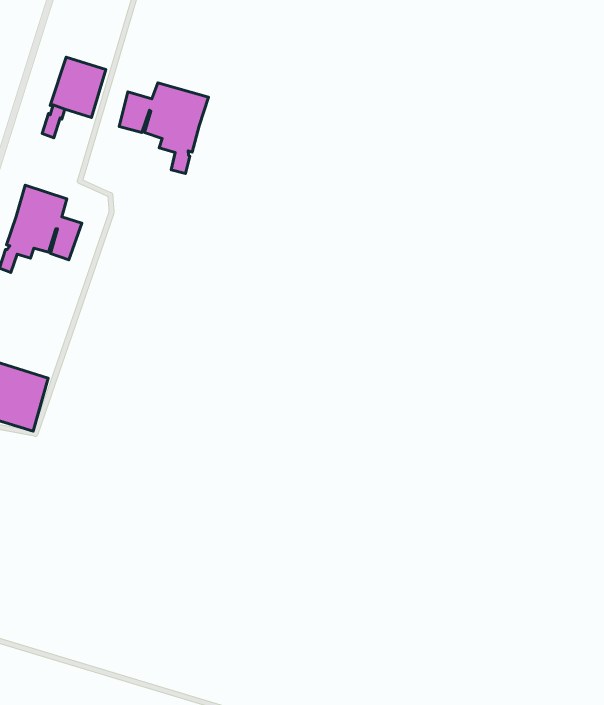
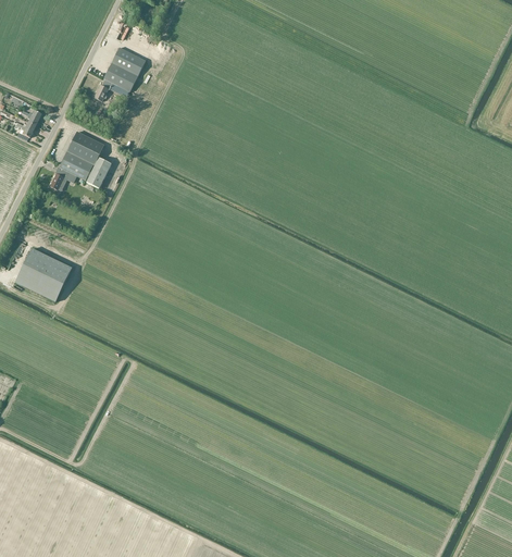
building: [119,83,208,174] -> none

